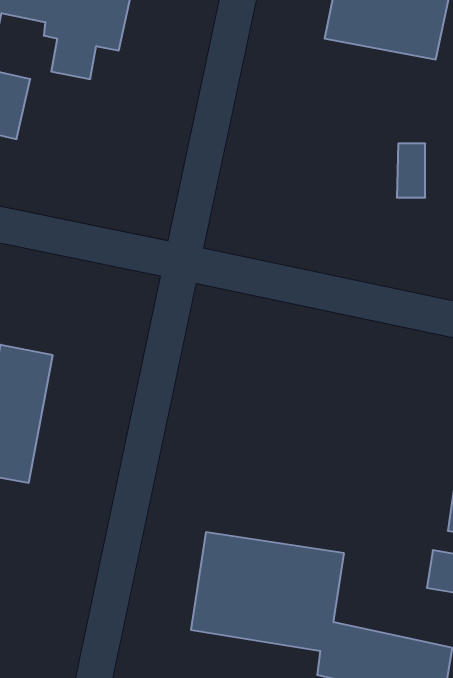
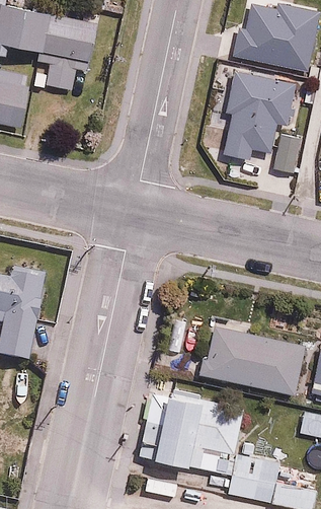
building: none -> [213,70,297,160]
building: none -> [204,325,304,395]

